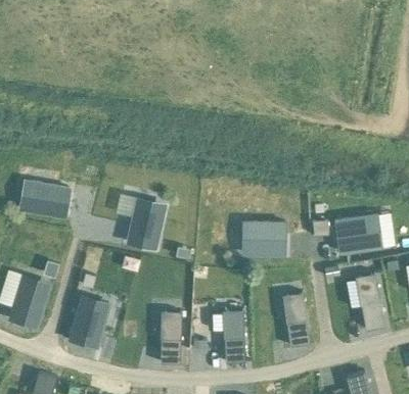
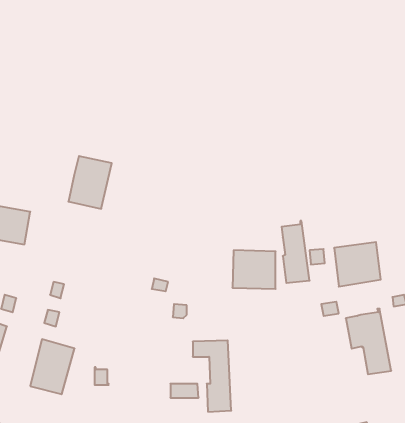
building: [127,202,165,248] -> [68,156,112,209]
building: [285,292,310,346] -> [282,221,310,283]
building: [160,311,181,363] -> none

